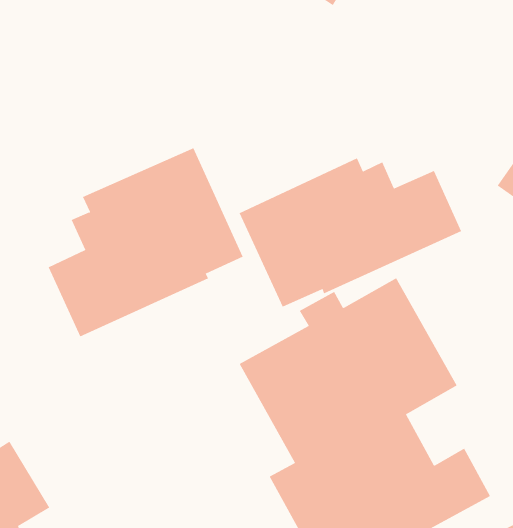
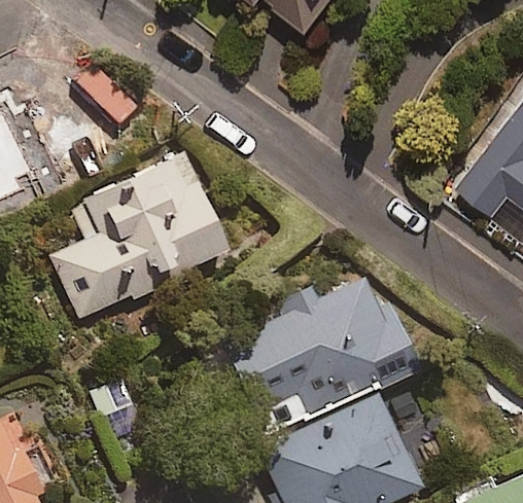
building: [239,158,462,308] -> none

